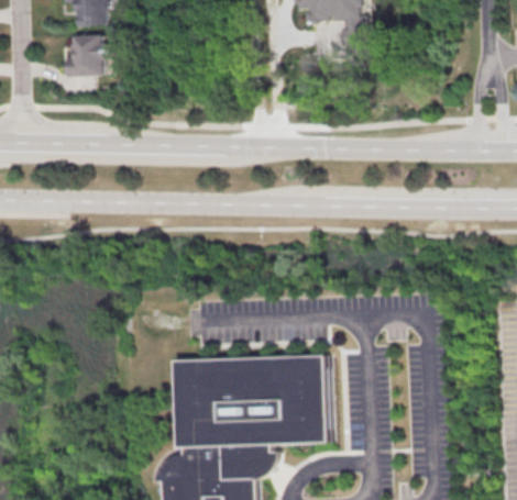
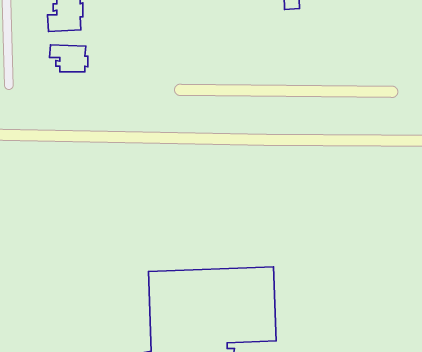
building: none -> [50,45,88,72]

